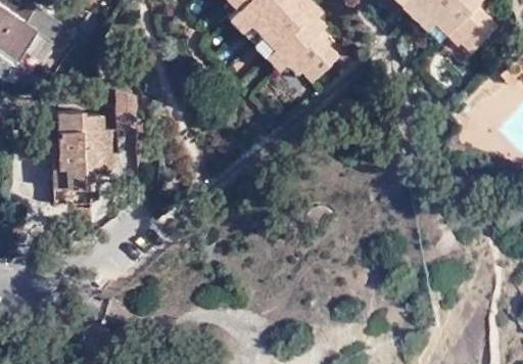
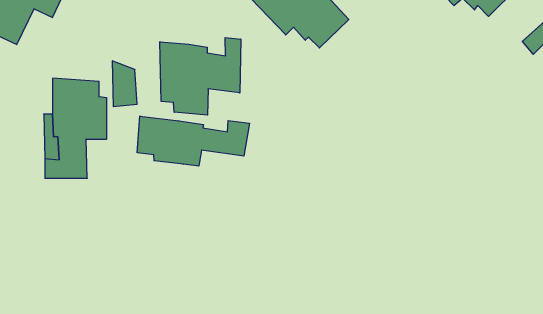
building: none -> [160,38,241,115]
building: none -> [137,116,249,166]

